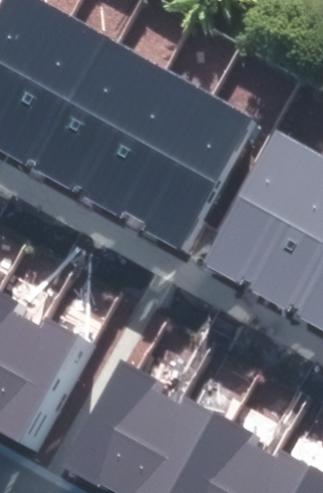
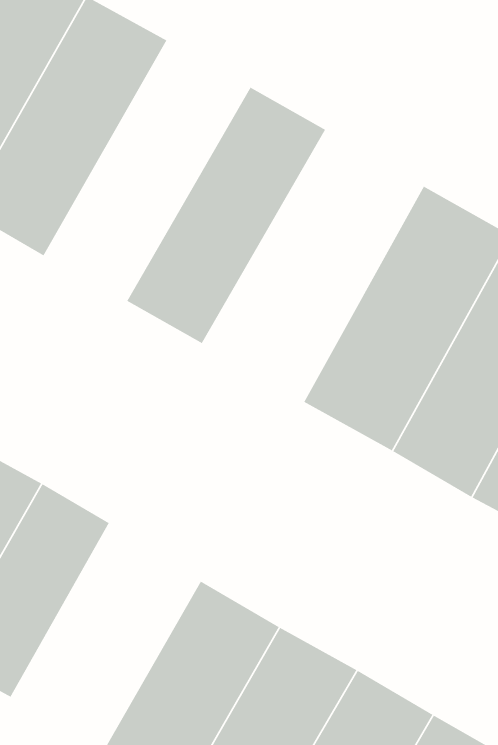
building: [43,42,169,201] -> none
building: [139,96,263,254] -> none

